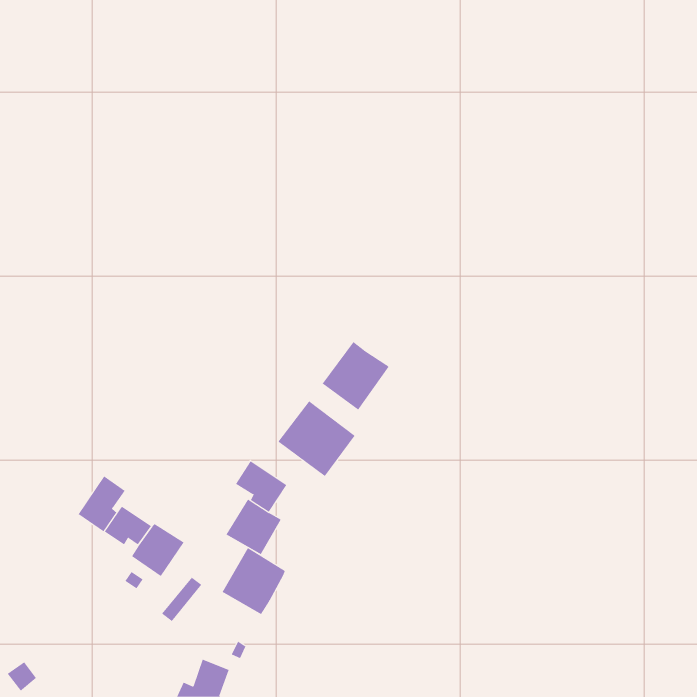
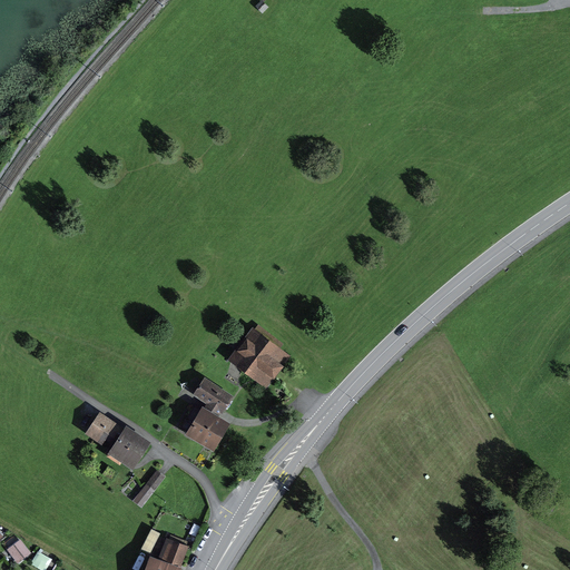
building: [322,341,389,411] -> none
building: [78,476,126,532] -> none
building: [222,547,285,615] -> none

